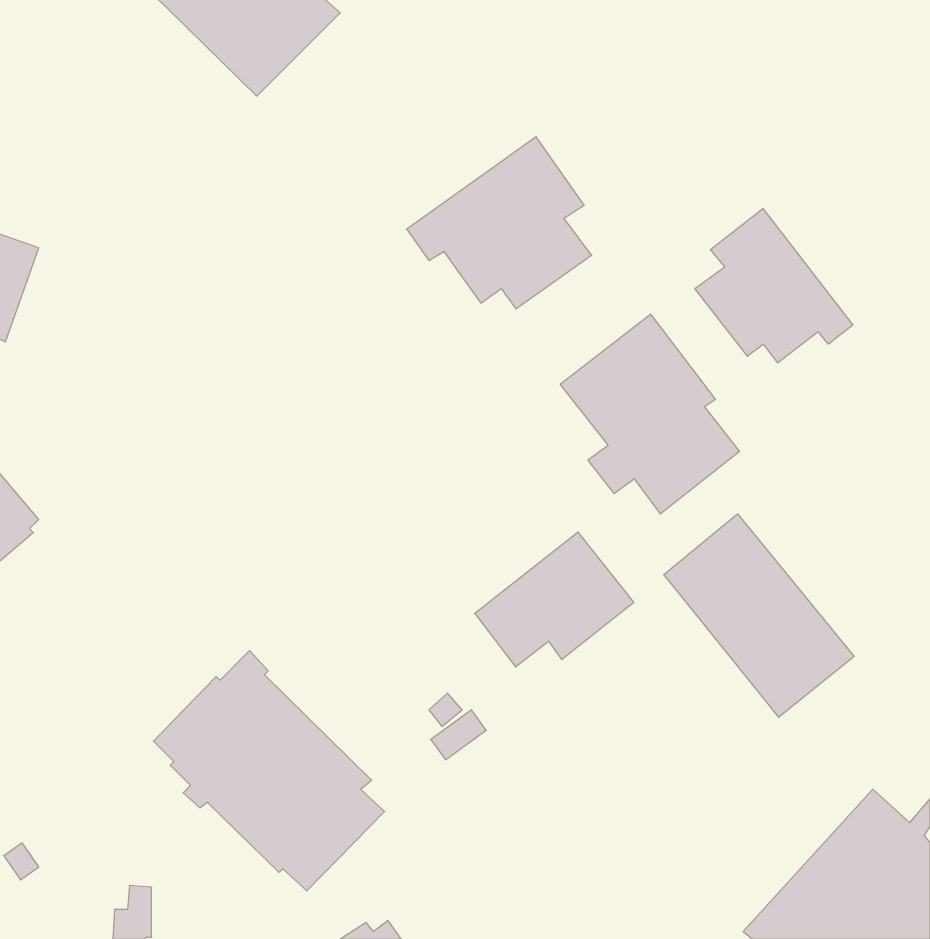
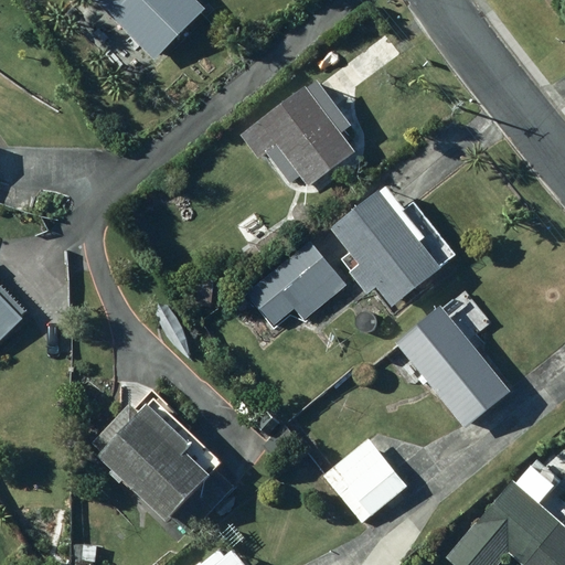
building: [695,209,853,363] -> none
building: [475,532,634,667] -> [246,242,341,322]
building: none -> [321,439,404,522]

